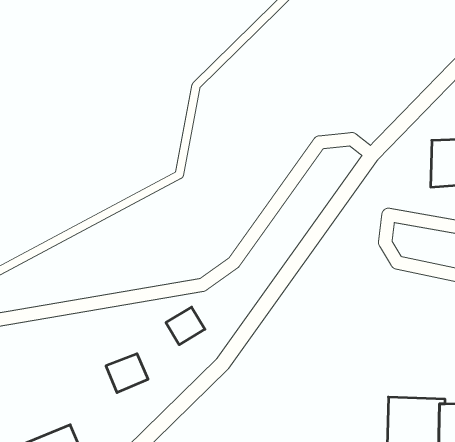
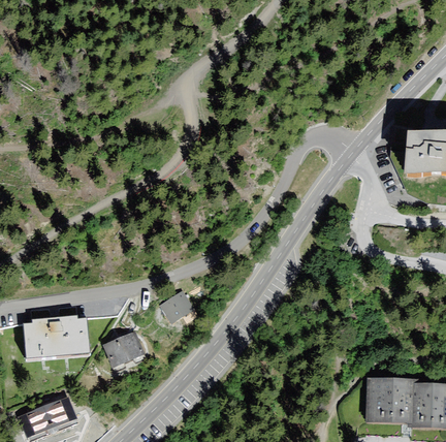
building: none -> [25,314,93,360]

